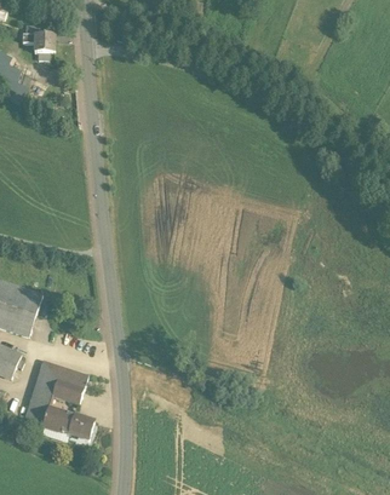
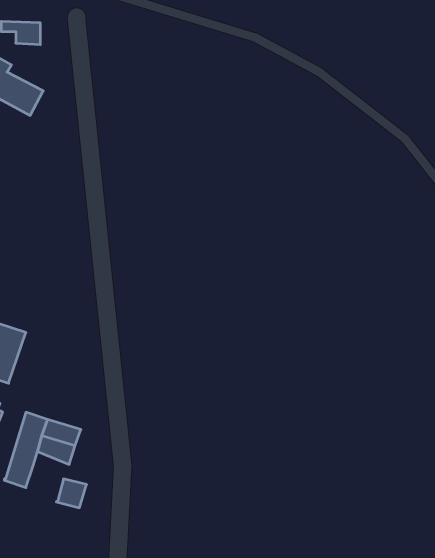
building: [41,404,73,433] -> none

